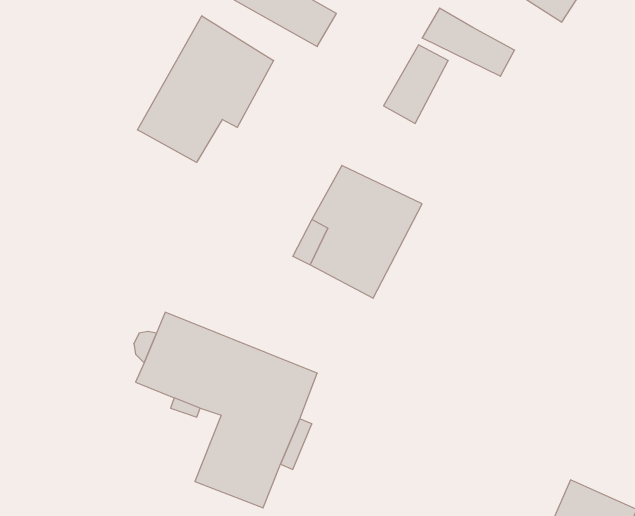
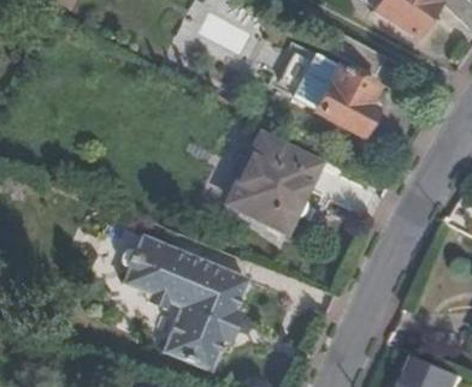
building: [137,16,274,162] -> none
building: none -> [311,64,373,133]

